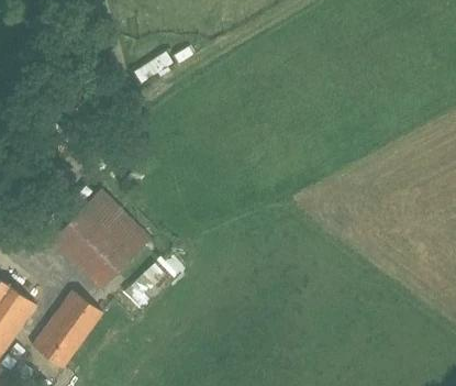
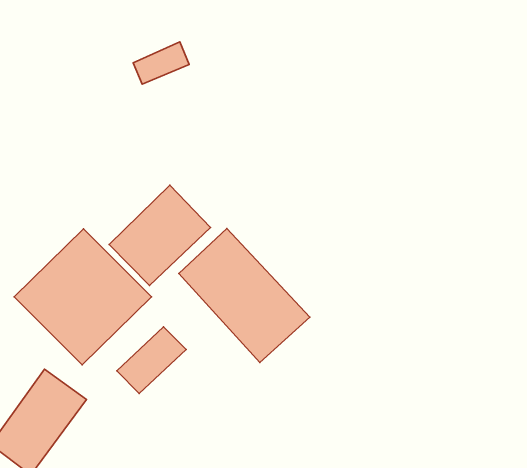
building: none -> [109,185,210,285]
building: none -> [179,228,310,362]

